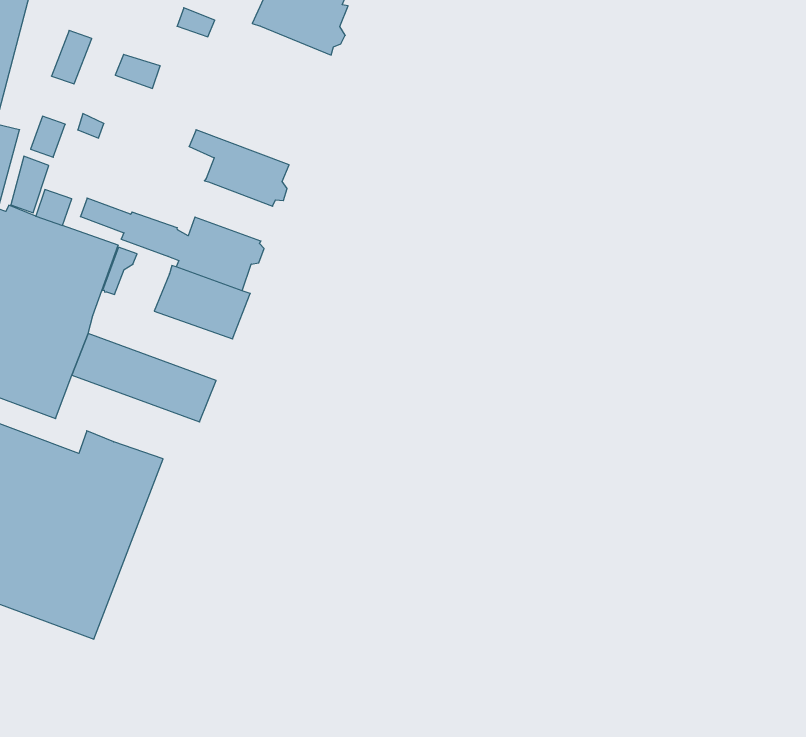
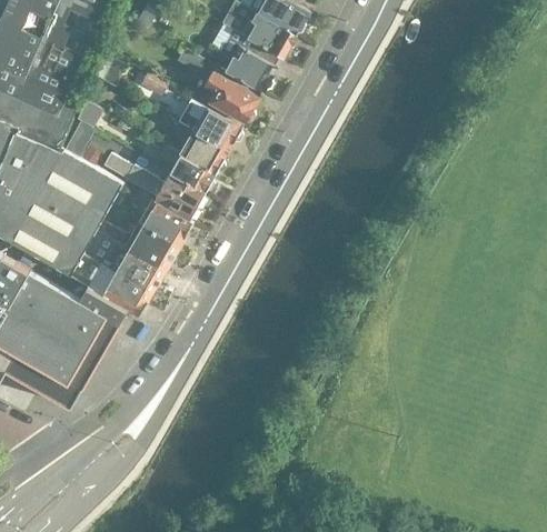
building: none -> [196,68,257,121]
building: none -> [175,97,239,150]
building: none -> [157,142,211,191]
building: none -> [93,218,176,267]
building: none -> [67,250,149,313]

